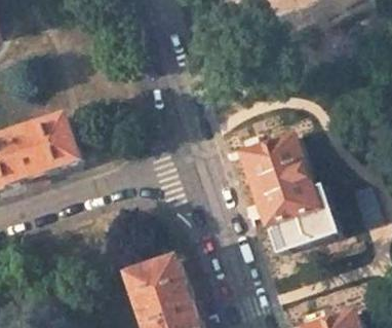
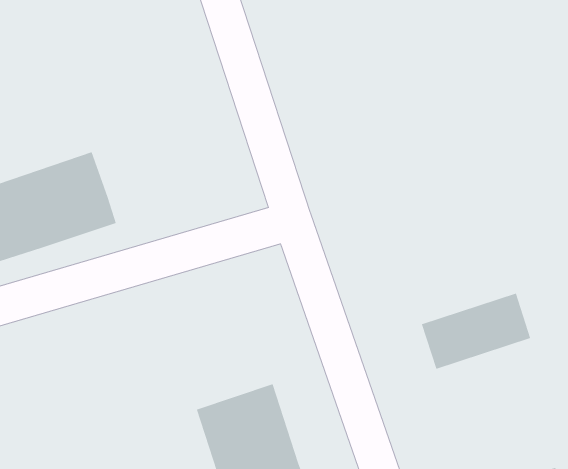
building: [242,131,319,222] -> none

